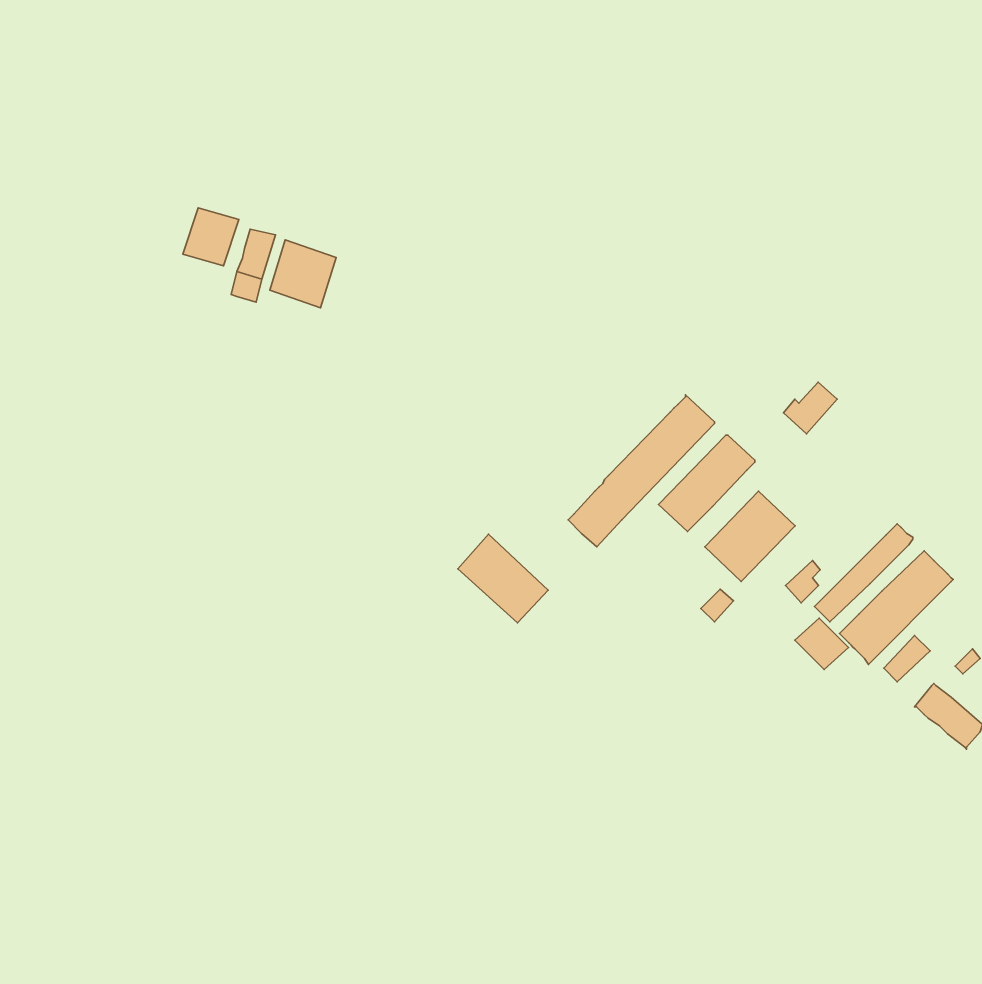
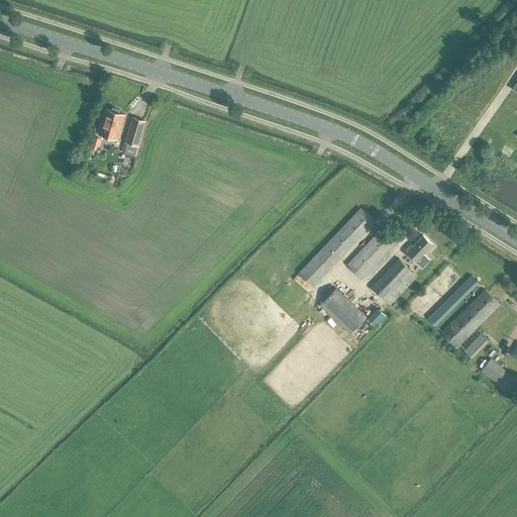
building: [270,240,336,308] -> none
building: [783,382,837,434] -> [404,235,432,263]
building: [458,534,548,623] -> [319,287,367,333]
building: [795,618,849,670] -> none

